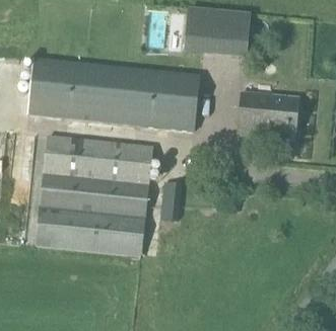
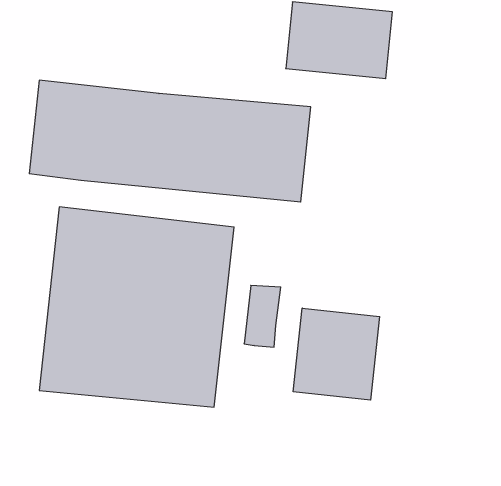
building: [237,92,297,145] -> none
building: none -> [293,308,380,400]

